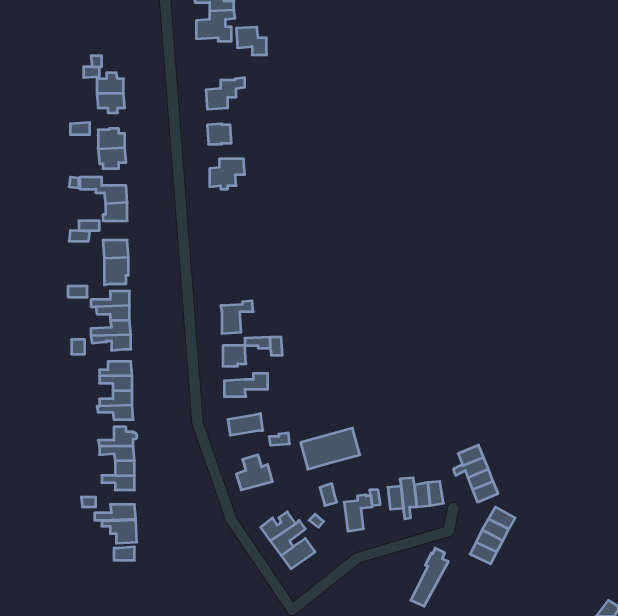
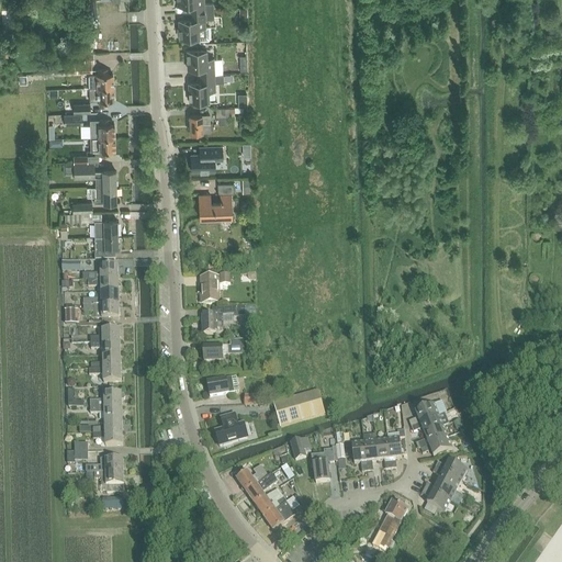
building: [236,27,267,55] -> [186,47,213,72]
building: none -> [198,181,233,220]
building: none -> [263,499,294,528]

